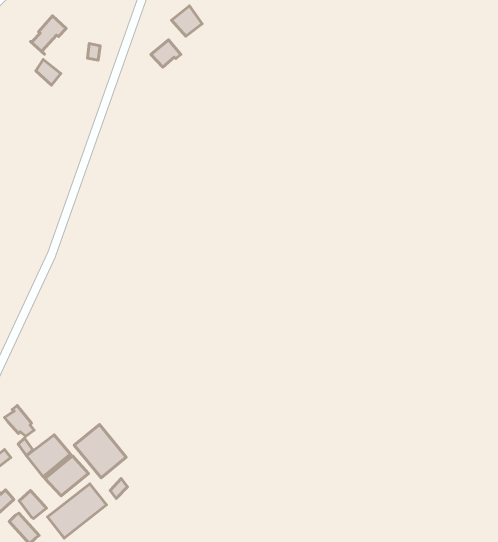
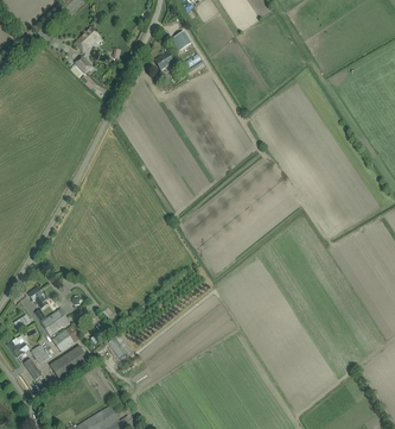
building: [74,424,126,478] -> none

